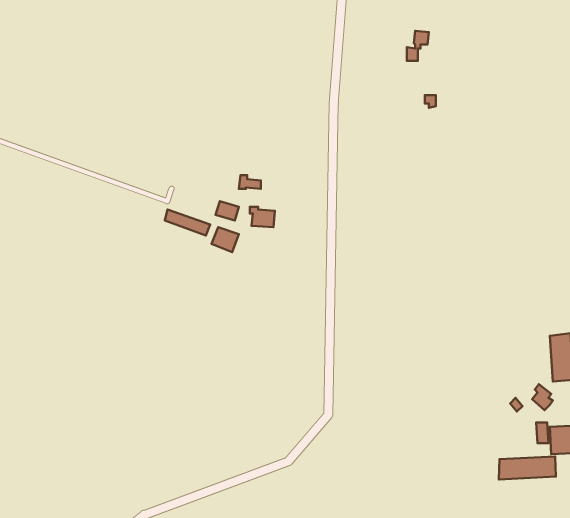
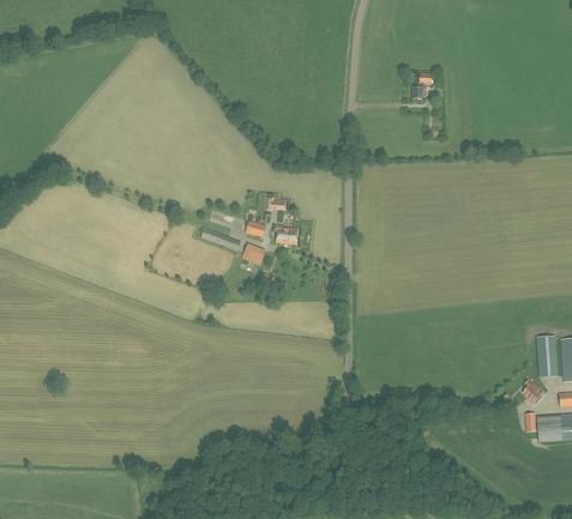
building: [499,456,556,479] -> none

